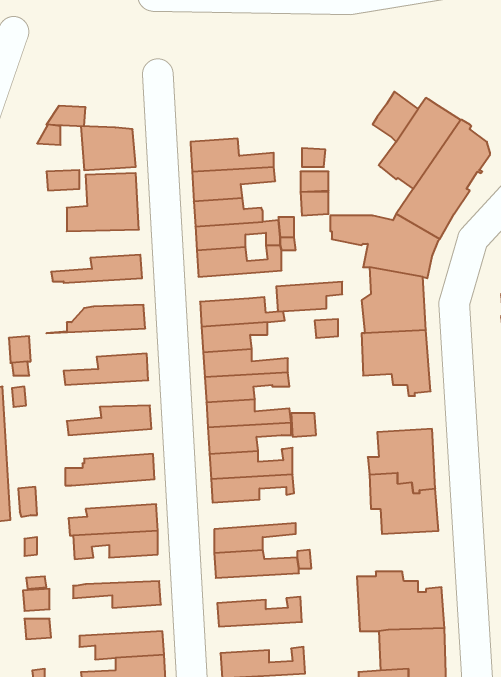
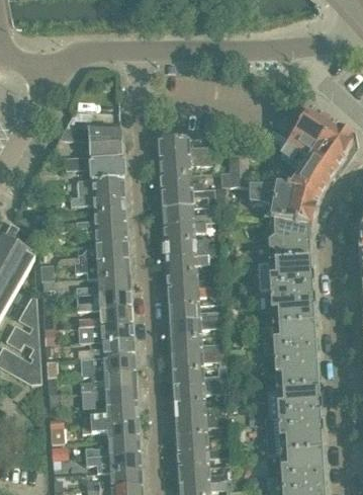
building: none -> [70,194,125,213]
building: none -> [76,226,127,244]
building: [276,282,342,312] -> [163,222,205,241]
building: none -> [65,258,129,277]
building: none -> [269,287,313,325]
building: none -> [77,292,131,311]
building: none -> [79,323,133,342]
building: none -> [81,355,135,375]
building: none -> [172,367,225,388]
building: none -> [266,389,320,428]
building: none -> [83,404,138,424]
building: none -> [174,416,228,435]
building: none -> [85,436,140,457]
building: none -> [176,447,230,468]

